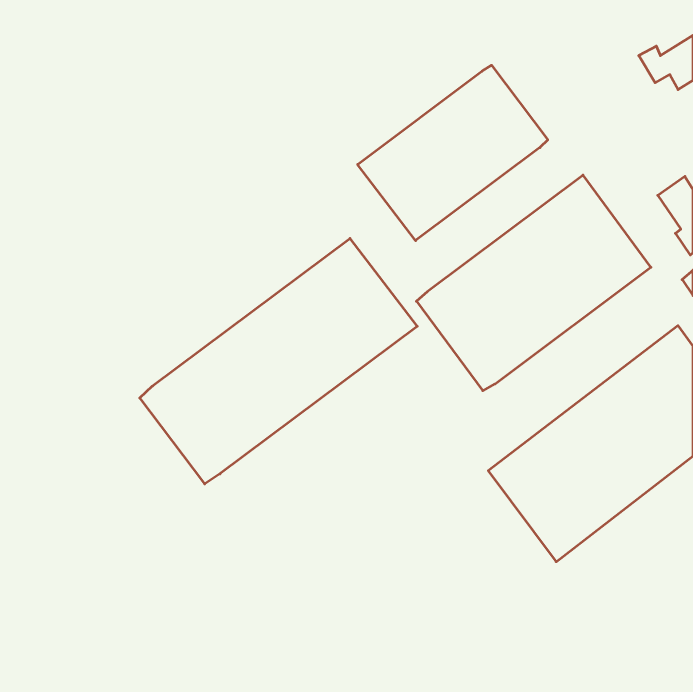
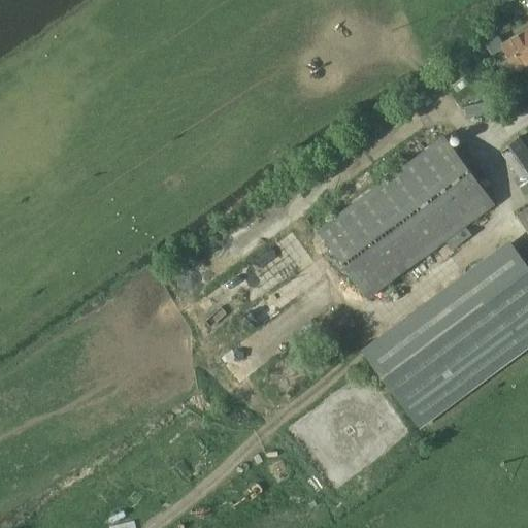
building: [358,65,548,241] -> none
building: [140,238,417,484] -> none

